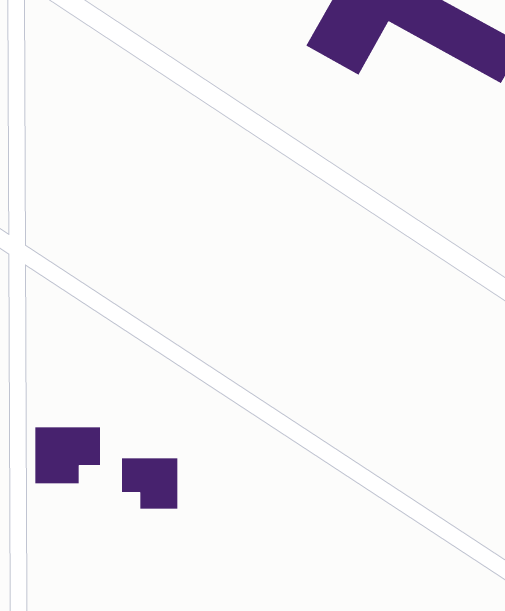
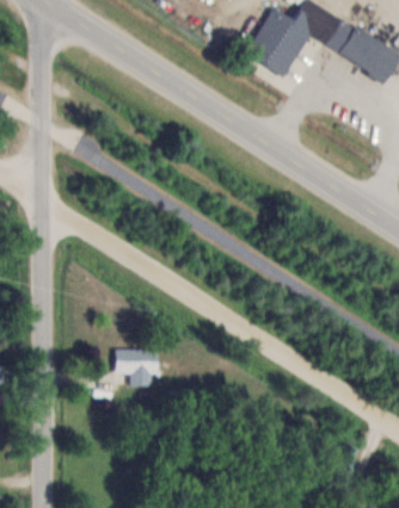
building: [35,427,101,484] -> none

